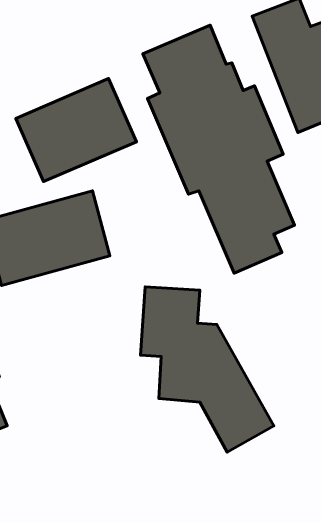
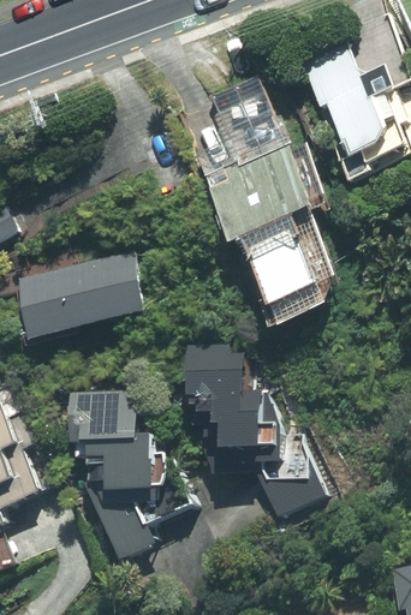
building: [16,79,136,182] -> none
building: none -> [67,393,193,561]

